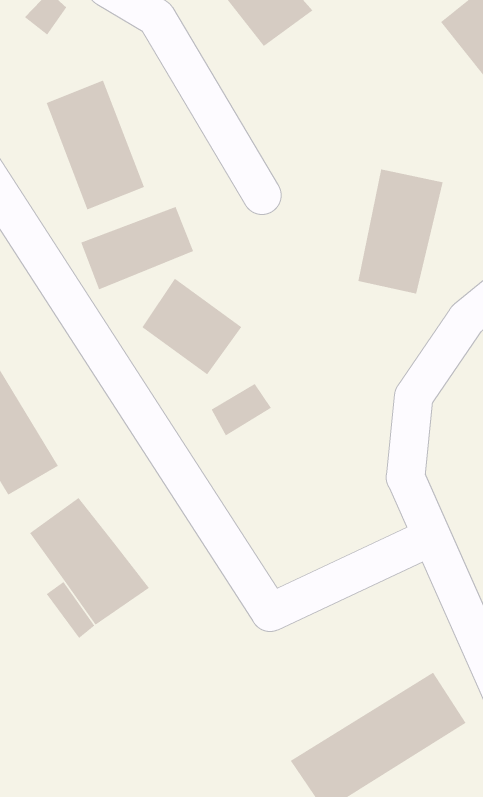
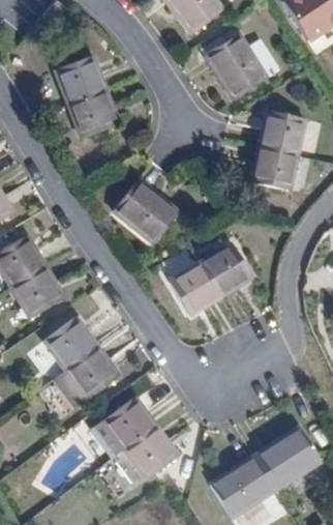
building: none -> [206,35,266,101]
building: [80,206,194,290] -> none
building: none -> [169,245,250,315]
building: none -> [103,399,177,477]

